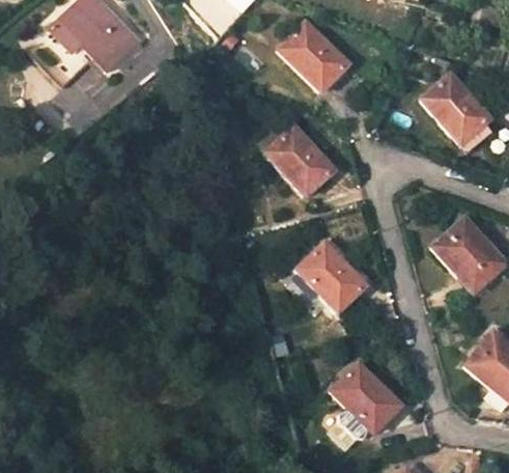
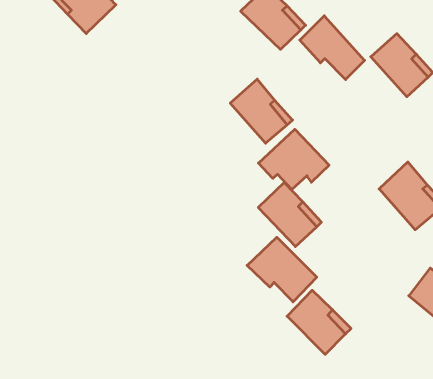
building: none -> [300,16,365,80]
building: none -> [258,129,329,190]
building: none -> [247,237,317,302]

